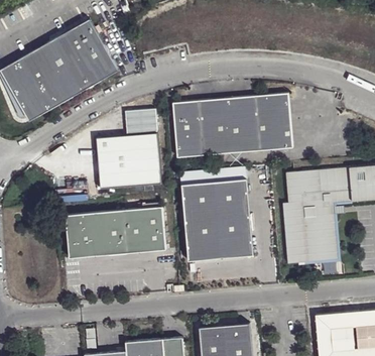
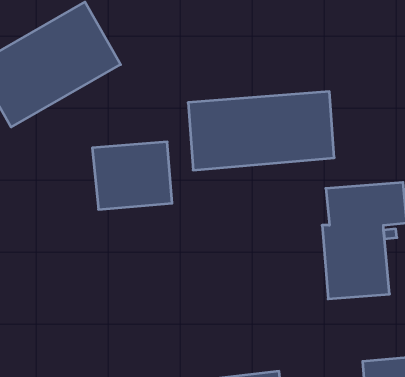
building: [124,111,156,136] -> none
building: [182,179,254,260] -> none
building: [65,208,166,276] -> none

